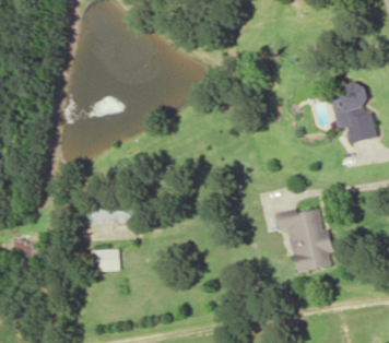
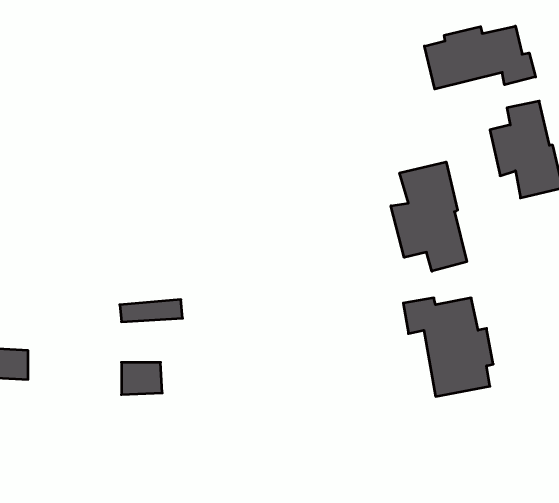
building: none -> [424,26,536,89]
building: none -> [391,162,467,271]

